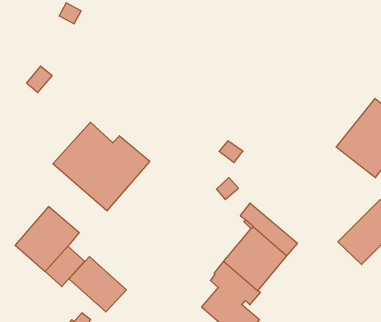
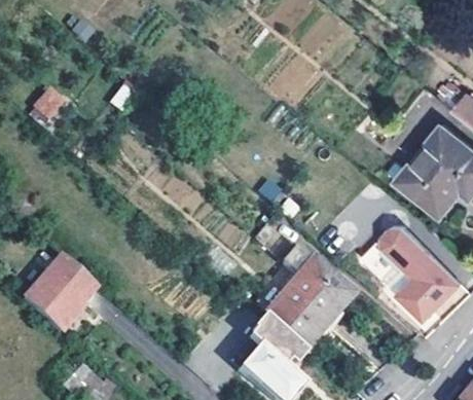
building: [53,122,150,211] -> none
building: none -> [359,228,433,296]
building: [69,257,126,312] -> none

